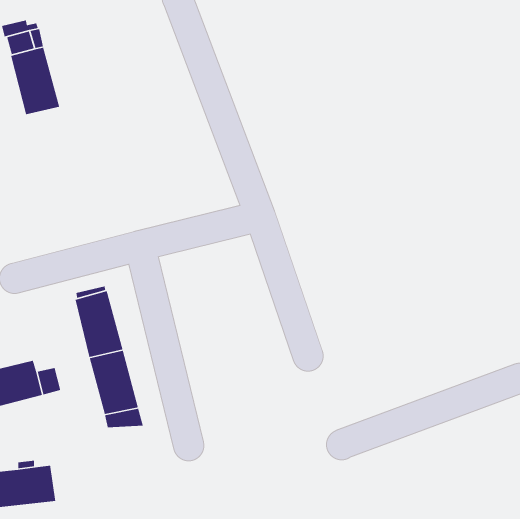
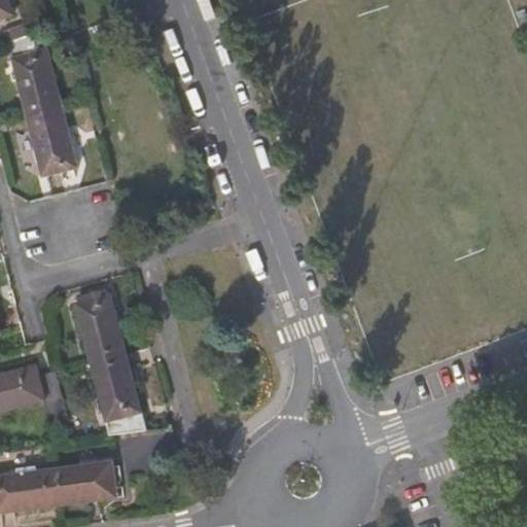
building: none -> [26,108,75,175]
building: none -> [51,461,117,506]

